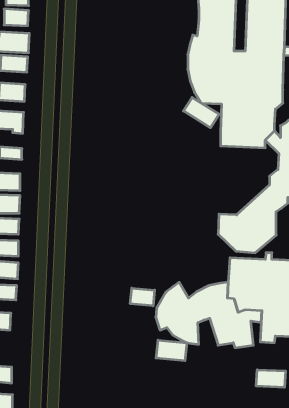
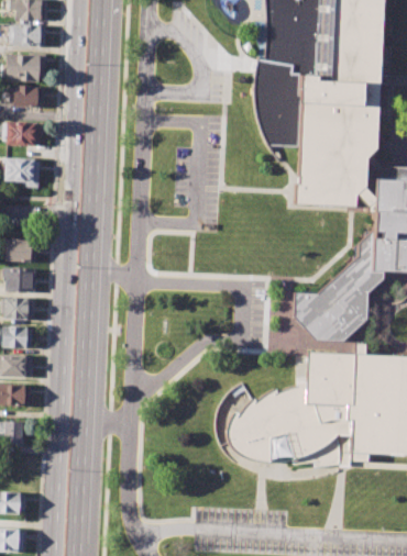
building: [183,97,219,128] -> none
building: [130,288,155,306] -> none
building: [156,340,187,361] -> none
building: [256,370,285,387] -> none

